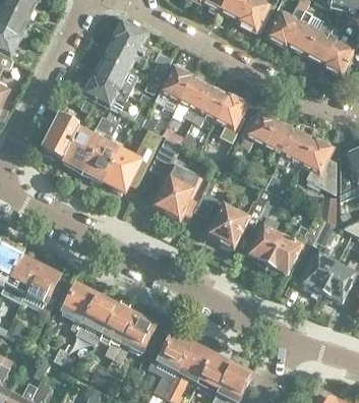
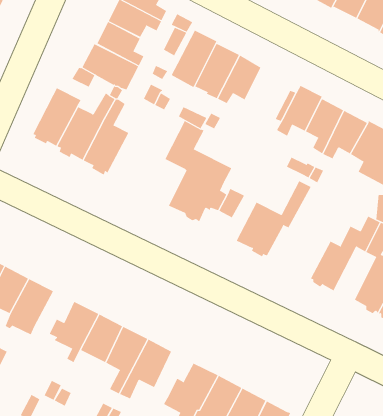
building: [210,93,248,162] -> none
building: [104,148,144,192] -> none
building: [247,199,284,266] -> none

